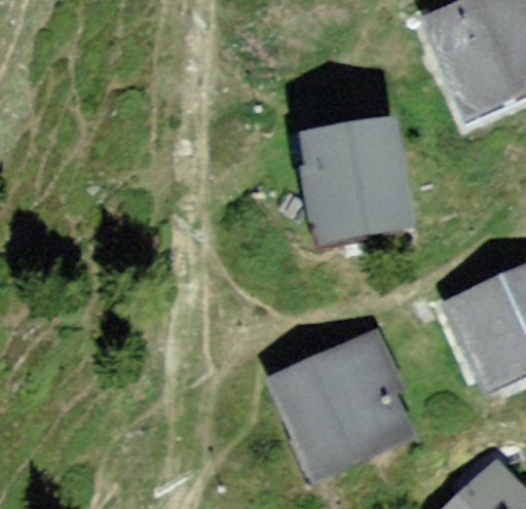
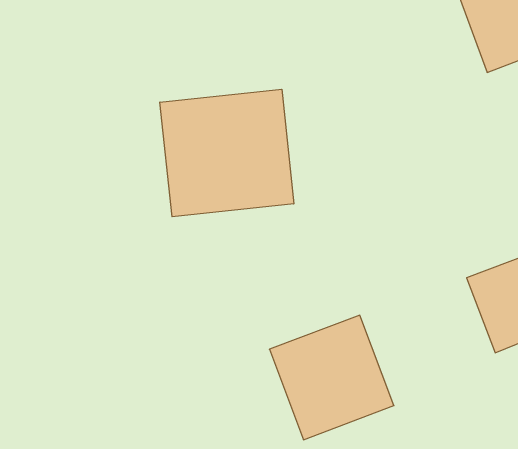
building: none -> [160,89,294,217]
building: [311,138,404,235] -> none

